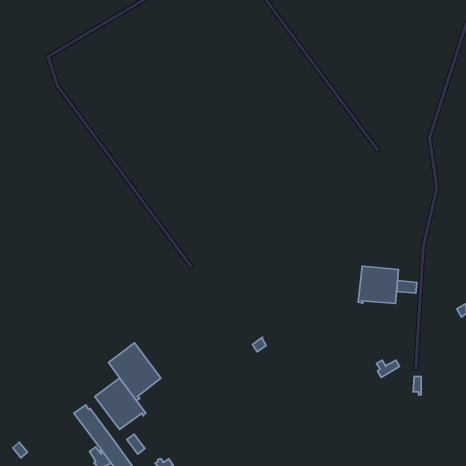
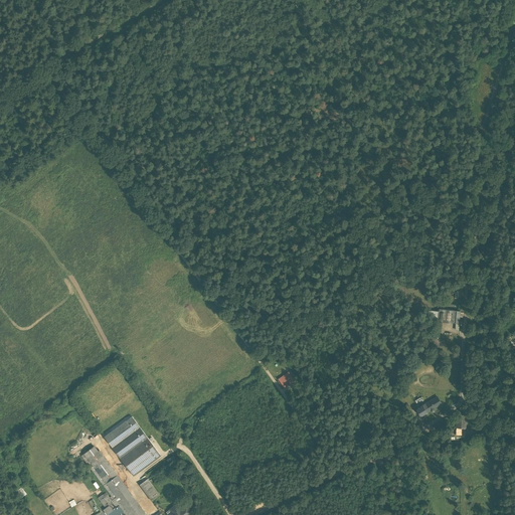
building: [358,266,399,303] -> none
building: [109,343,161,400] -> none

